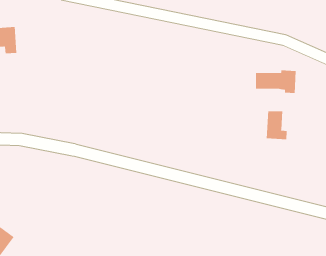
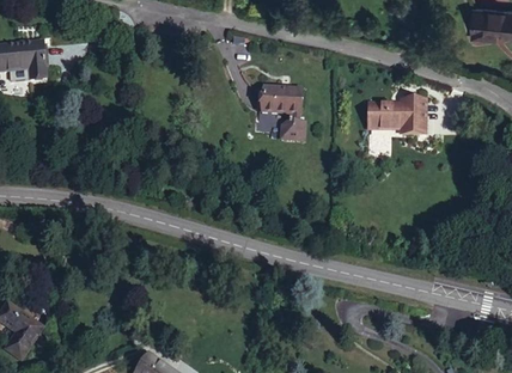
building: none -> [261,87,304,140]
building: [266,110,287,140] -> none

